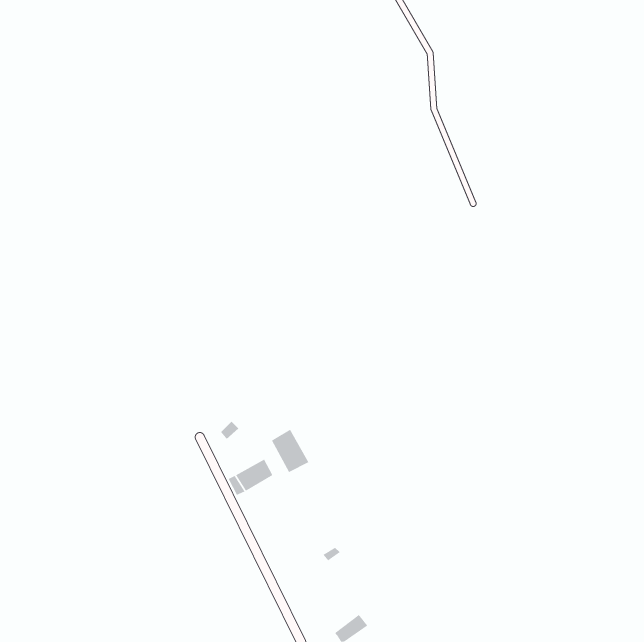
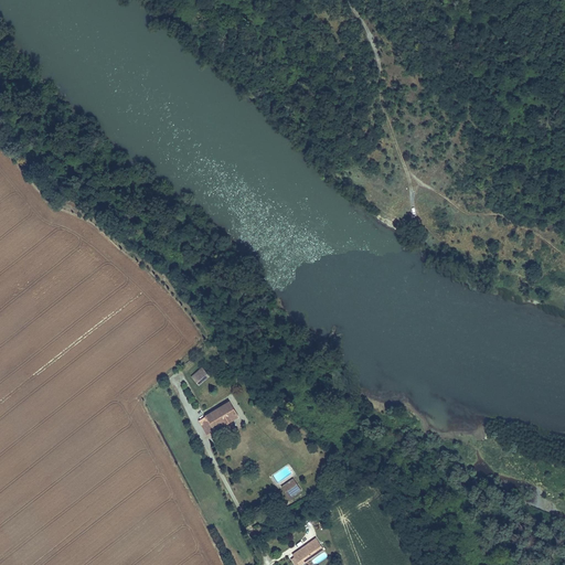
building: [271,429,309,473] -> none

